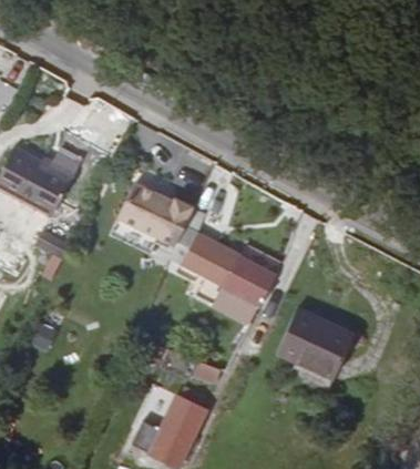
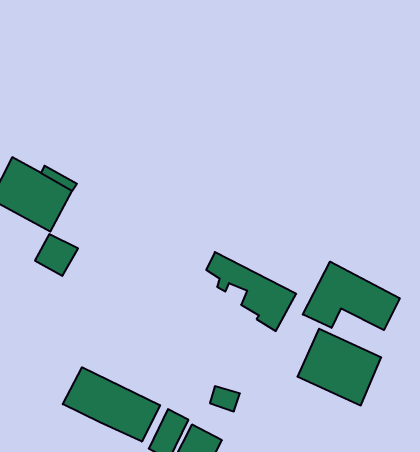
building: [119,185,191,246] -> none
building: none -> [303,262,400,330]
building: none -> [63,367,160,442]

